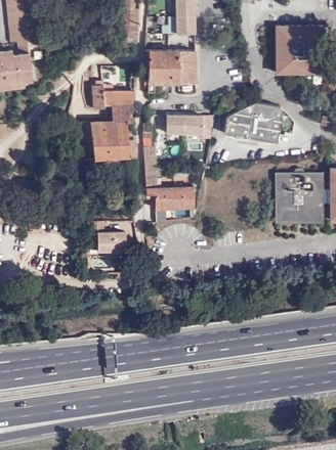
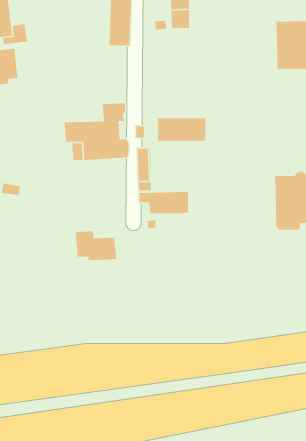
building: [144,48,198,91] -> none
building: [93,81,135,107] -> none
building: [224,100,282,141] -> none

